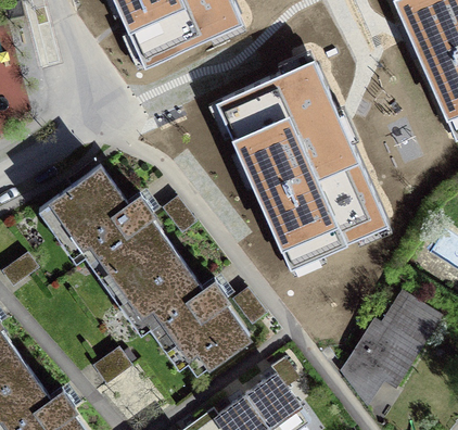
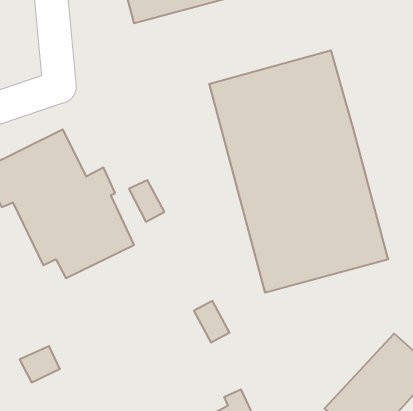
building: [124,252,250,372] -> none

